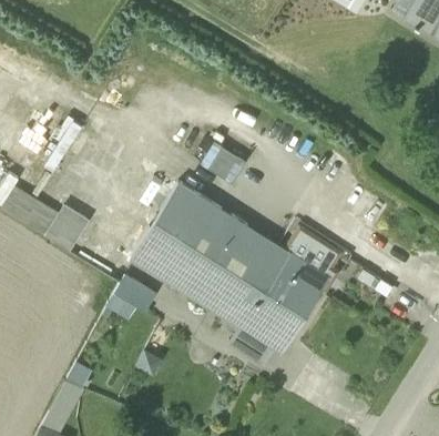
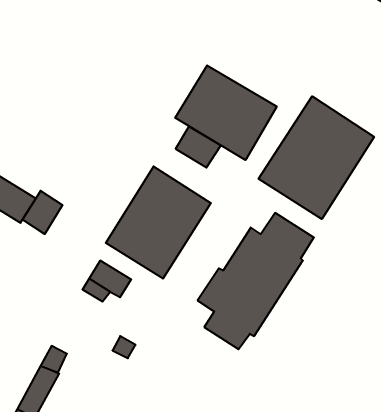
building: none -> [175,65,277,160]
building: none -> [259,96,374,219]
building: [188,220,276,317] -> none

